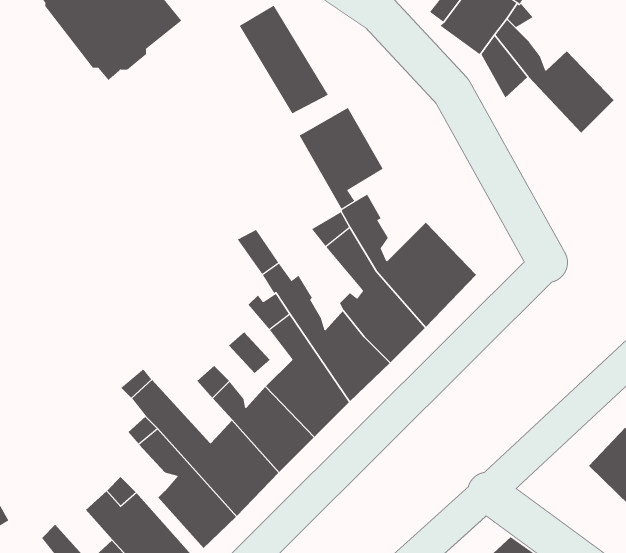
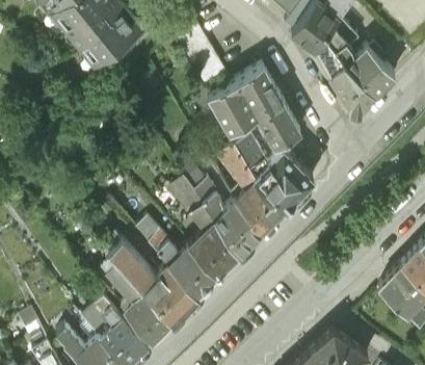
building: none -> [329,63,375,112]
building: none -> [238,67,302,148]

